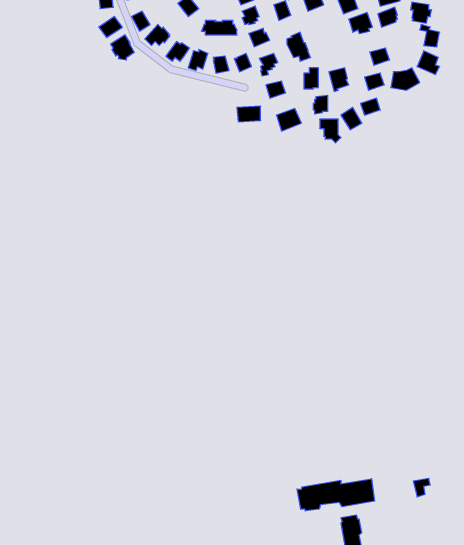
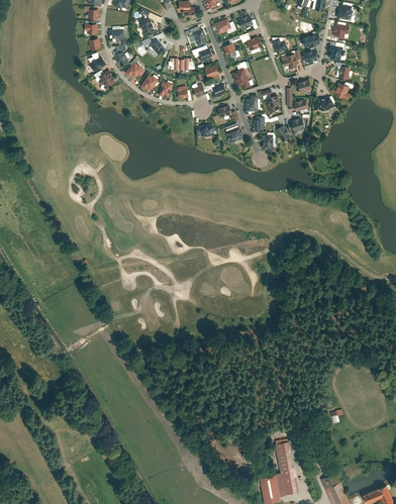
building: [297,479,374,511] -> none

